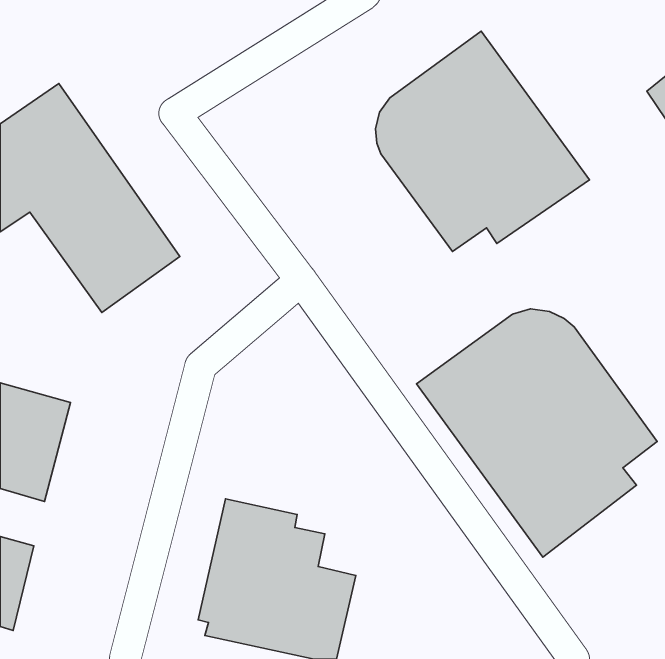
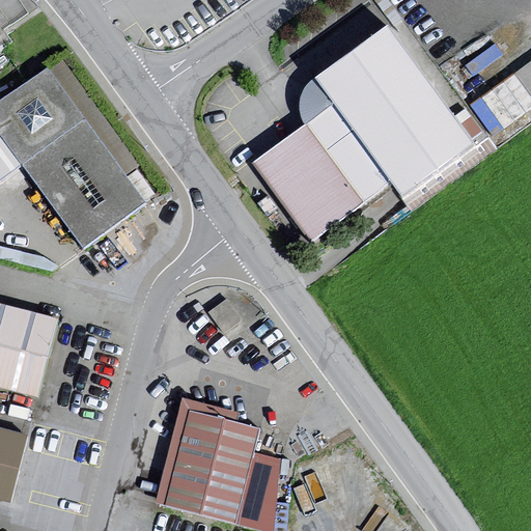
building: none -> [251,122,361,239]
building: [417,309,657,557] -> none

